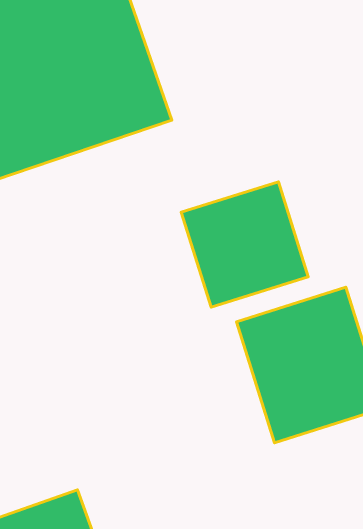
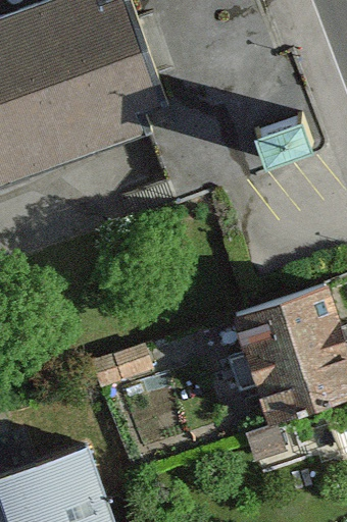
building: [181,182,308,307] -> none

